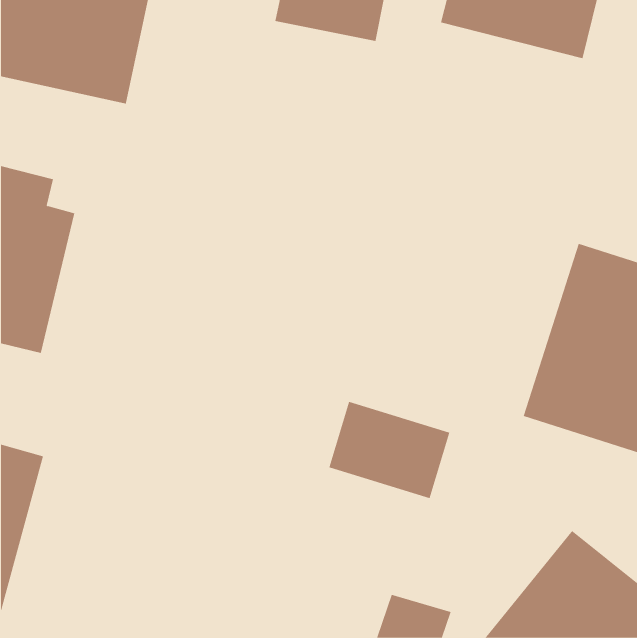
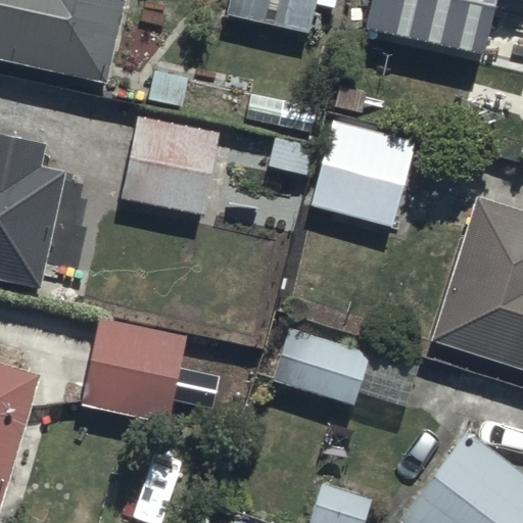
building: none -> [121,114,223,219]
building: none -> [310,124,415,230]
building: none -> [79,317,189,427]

